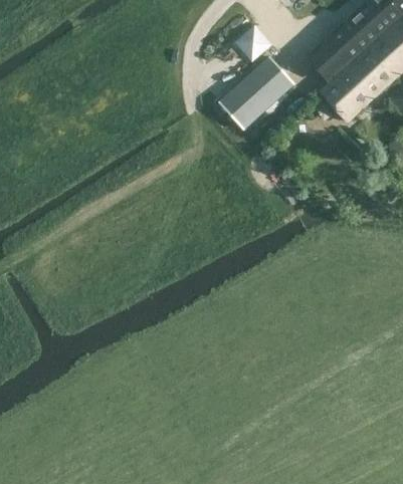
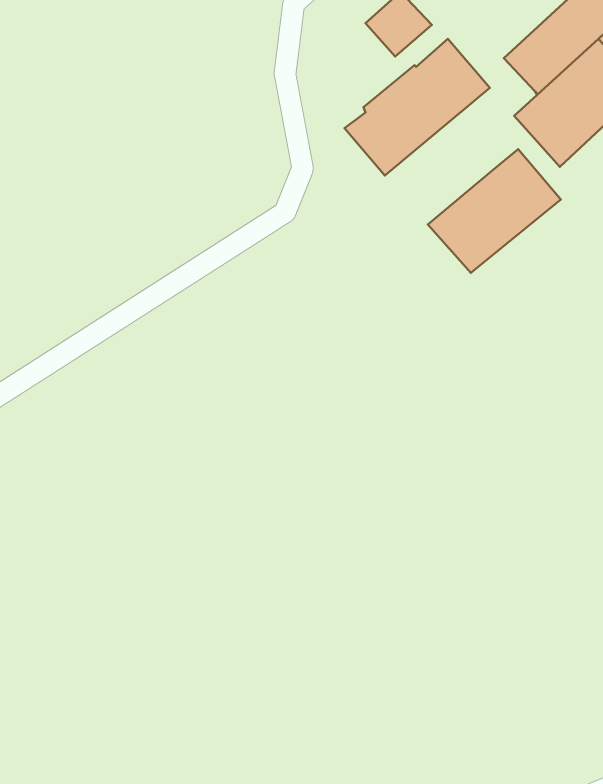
building: none -> [428,149,561,273]

